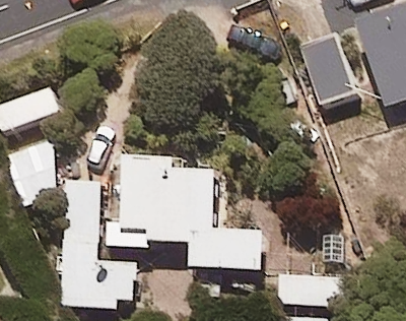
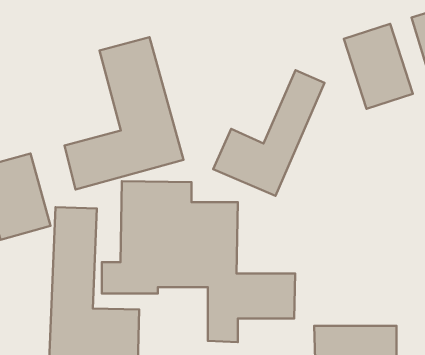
building: none -> [65,37,184,190]
building: none -> [213,70,324,196]

